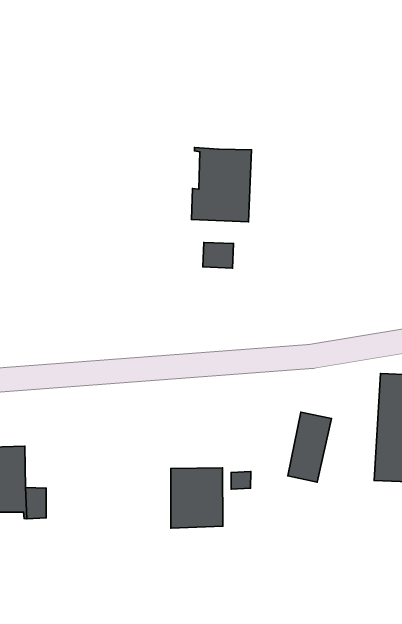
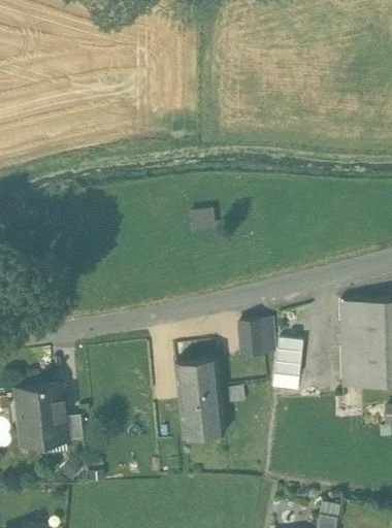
building: [191,148,251,222] -> none
building: none -> [239,321,274,356]
building: none -> [176,359,221,392]

